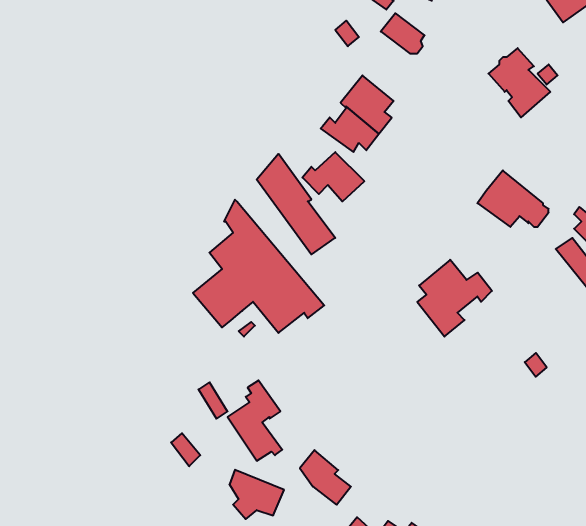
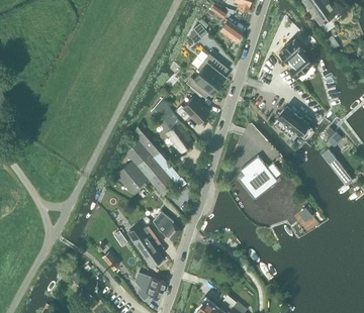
building: [300,450,351,505] -> [153,211,181,241]

